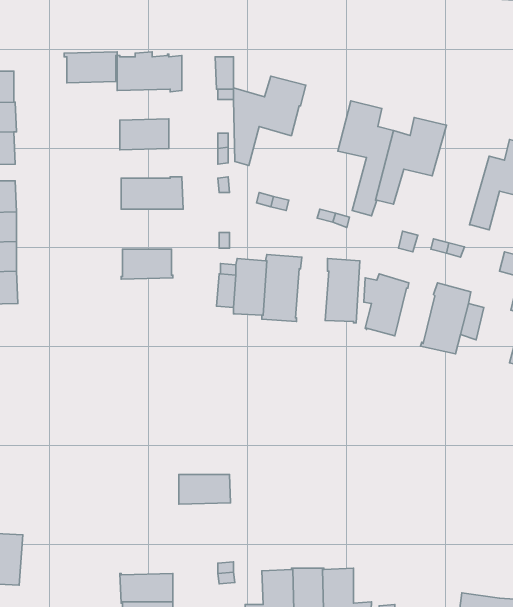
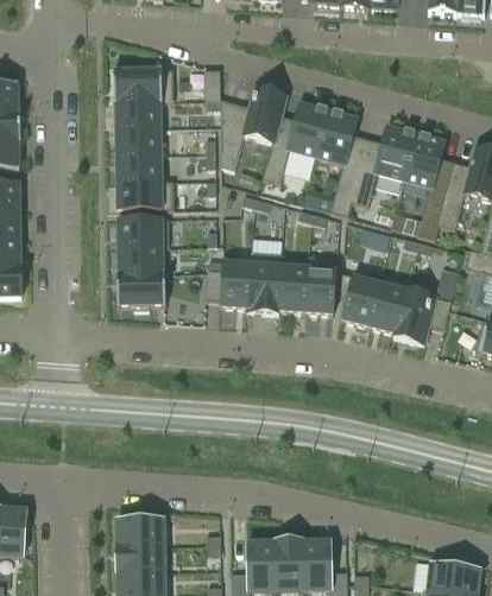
building: [64,52,117,83] -> [113,99,162,127]
building: none -> [263,101,328,182]
building: none -> [403,132,455,239]
building: none -> [115,153,162,180]
building: none -> [116,217,169,247]
building: none -> [277,264,308,311]
building: none -> [116,272,165,307]
building: none -> [368,281,405,332]
building: [179,474,231,504] -> [116,518,164,545]

